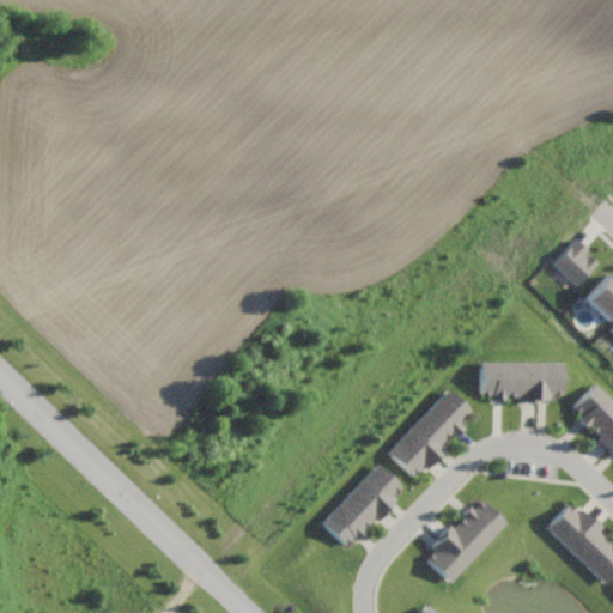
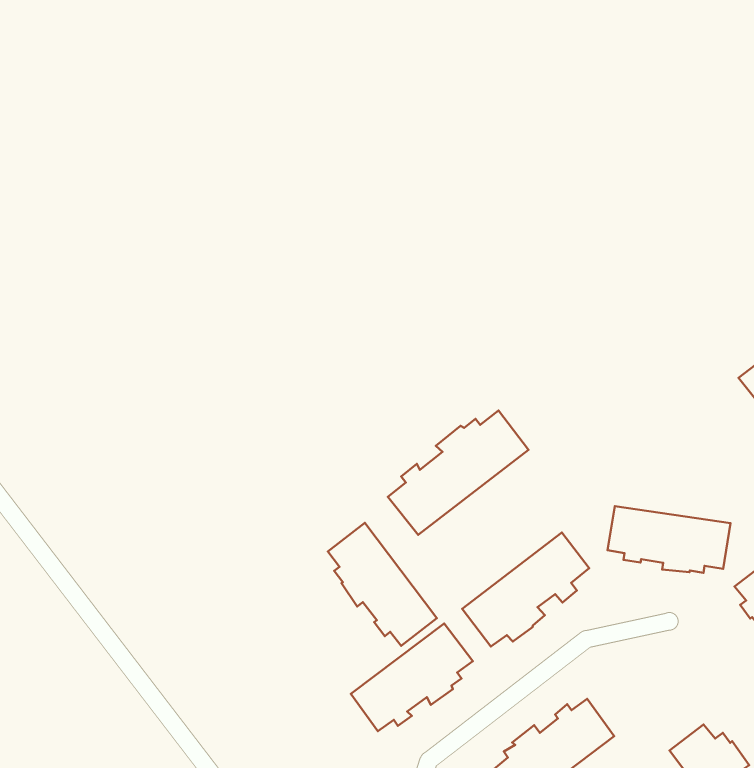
building: none -> [388,410,529,535]
building: none -> [328,523,437,646]

